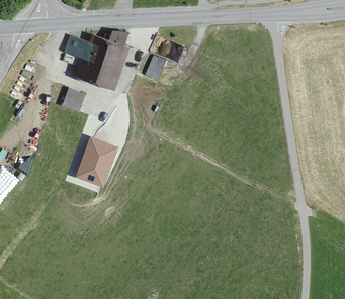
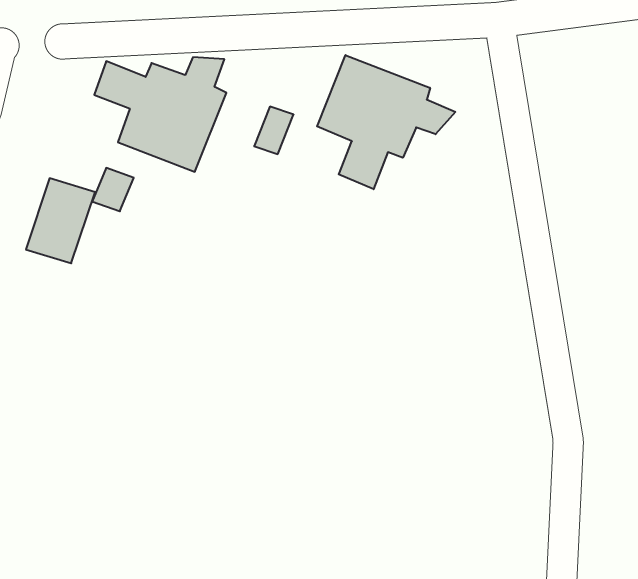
building: none -> [317,55,455,189]
building: [78,136,113,180] -> [26,178,95,263]

